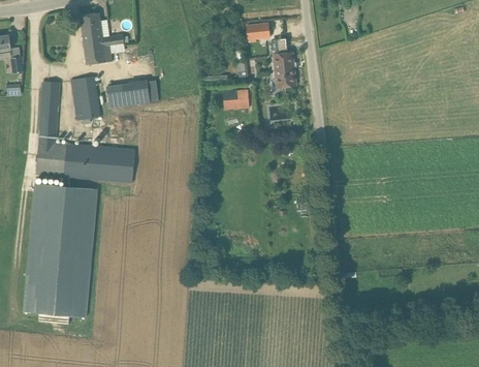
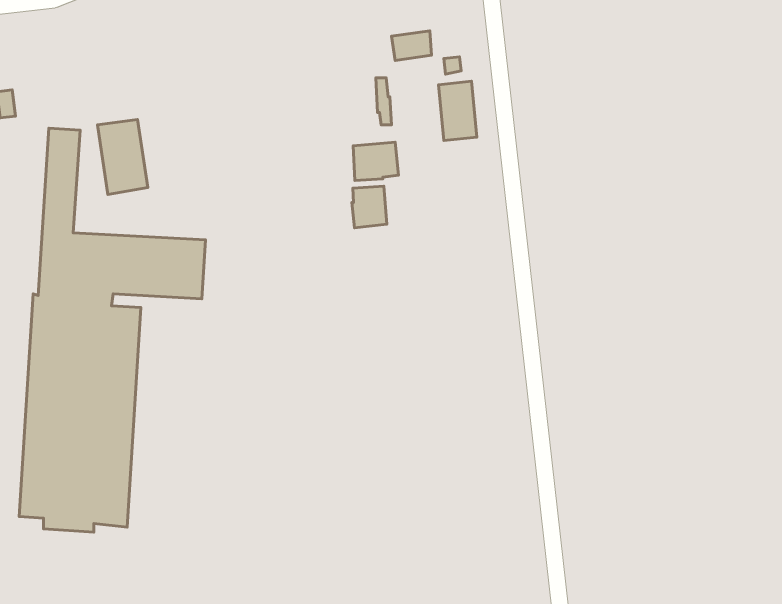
building: [79,13,123,65] -> none
building: [105,80,149,108] -> none
building: none -> [352,186,387,228]

